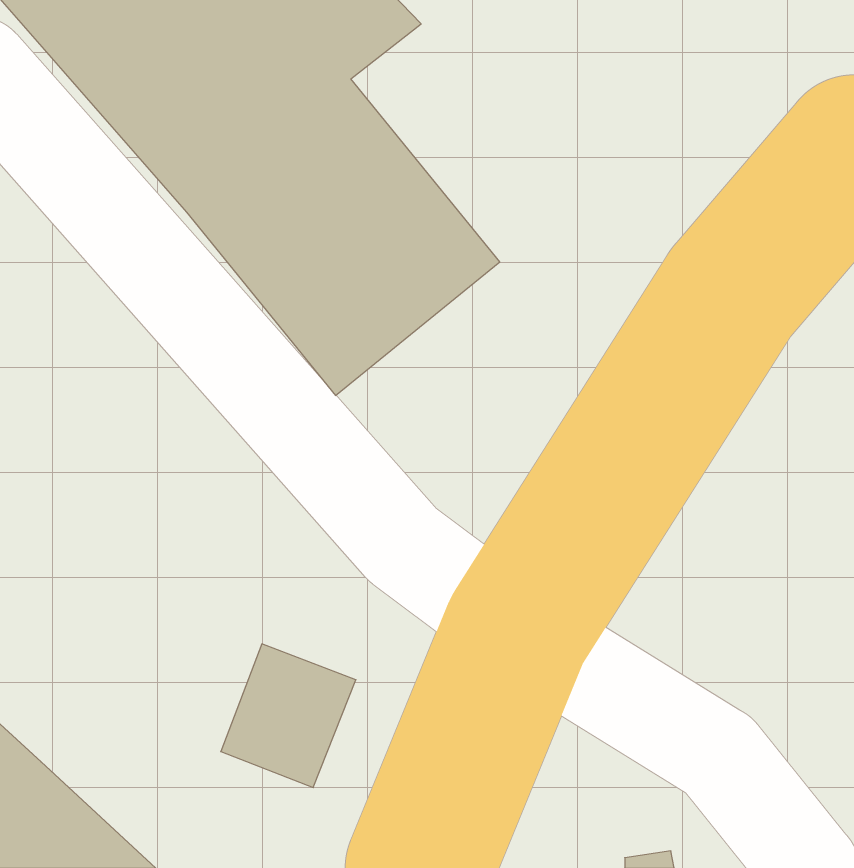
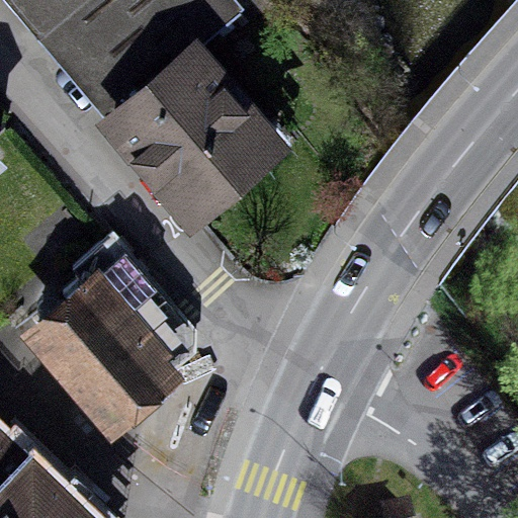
building: none -> [19,233,182,404]

